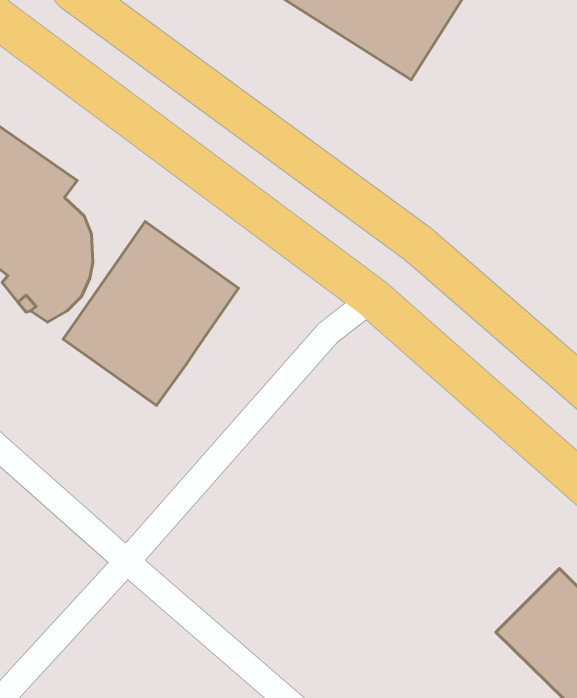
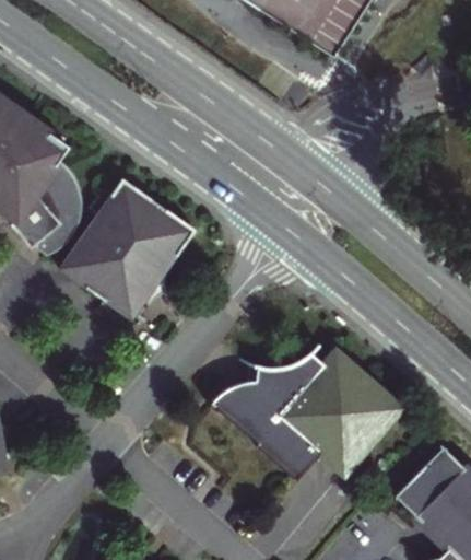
building: none -> [209,350,399,478]

